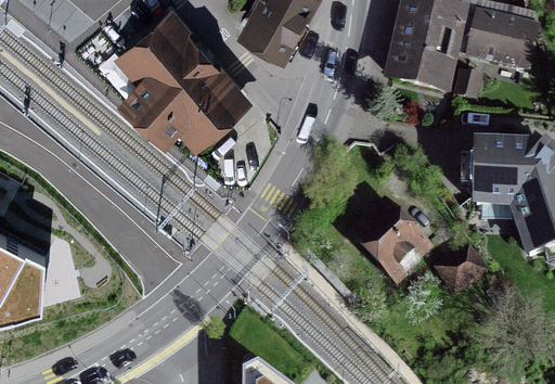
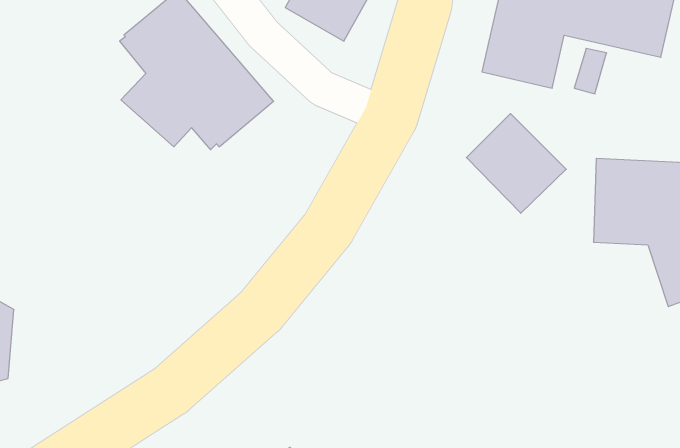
building: [351,203,425,277] -> [466,114,566,213]
building: [433,243,487,294] -> none

